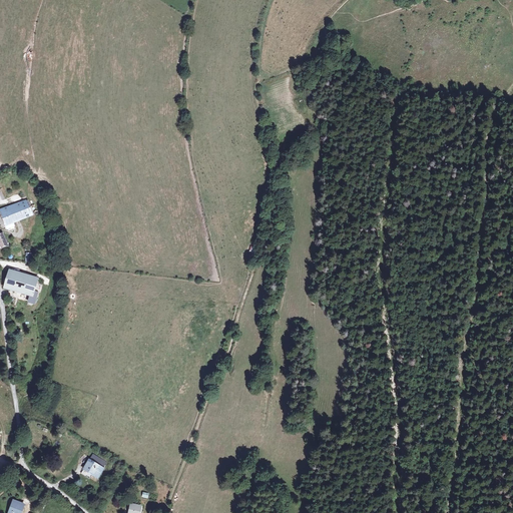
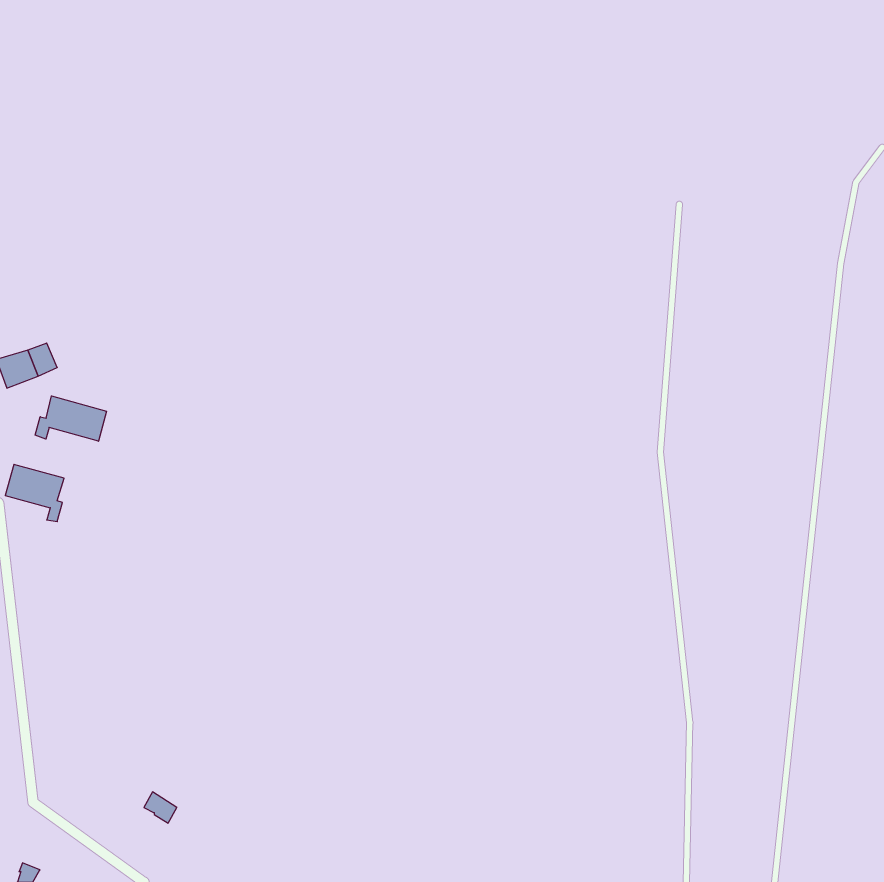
building: none -> [35,396,107,441]

